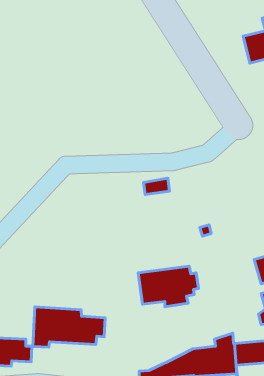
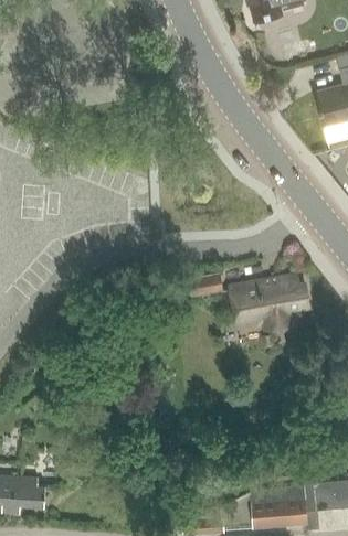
building: [138,266,199,307] -> [232,276,309,328]
building: [33,307,105,347] -> none

